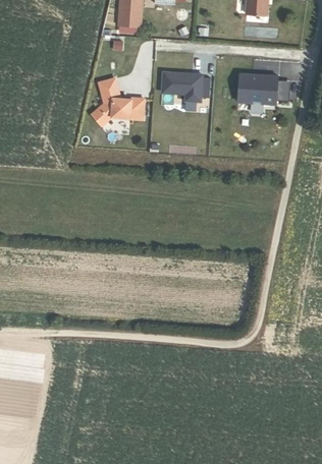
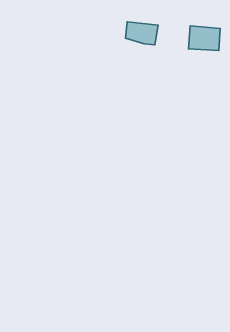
building: [92,78,144,125] -> none

